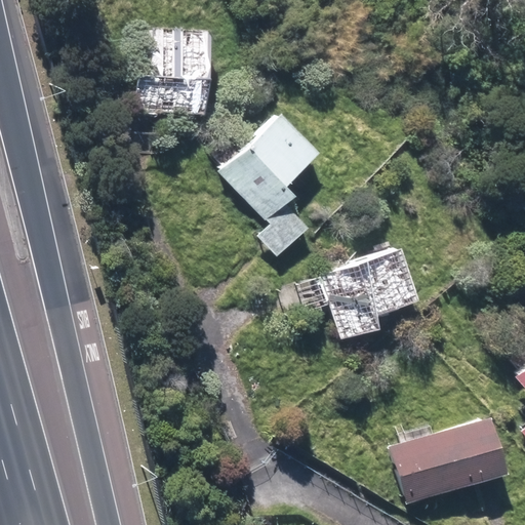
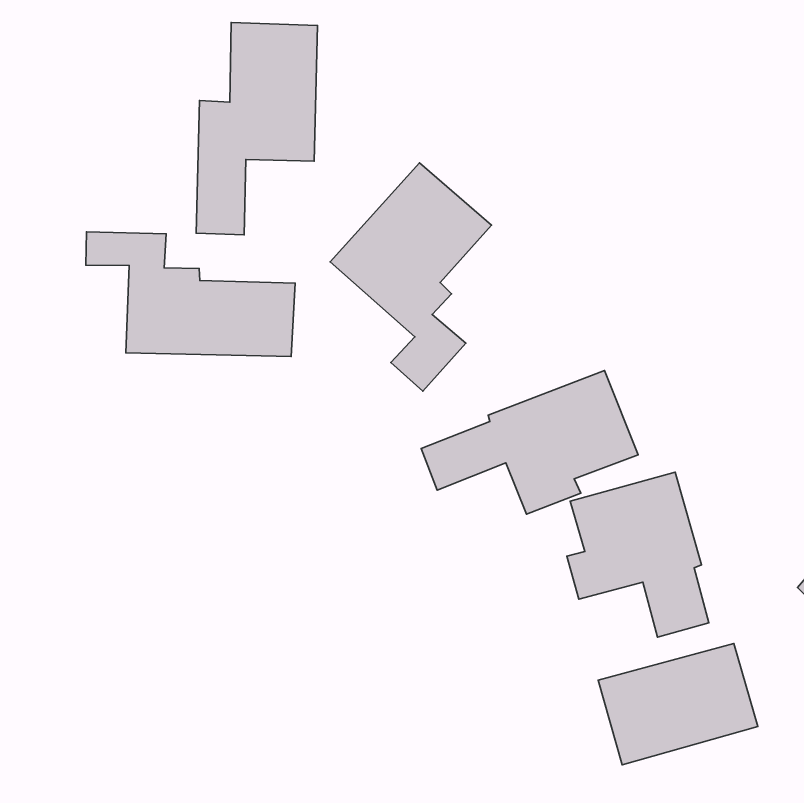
building: none -> [86,232,295,357]
building: none -> [567,472,709,637]

